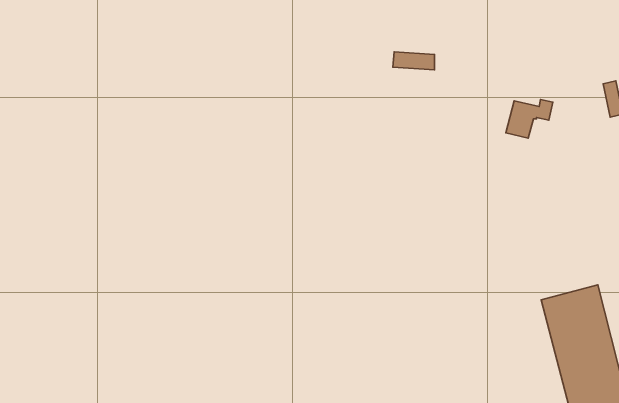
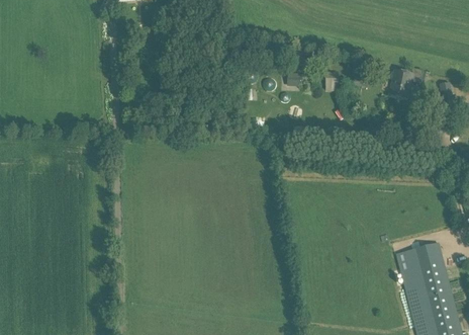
building: [506,99,553,138] -> [389,69,424,97]

